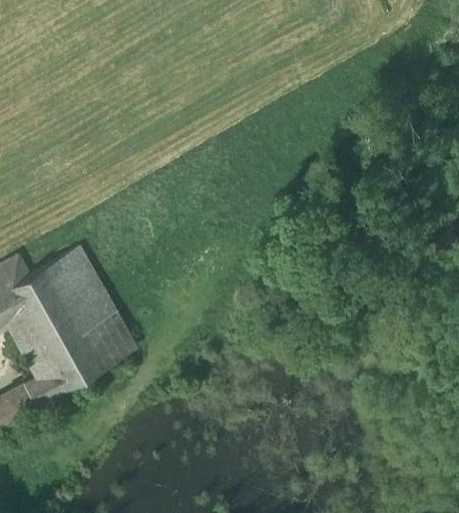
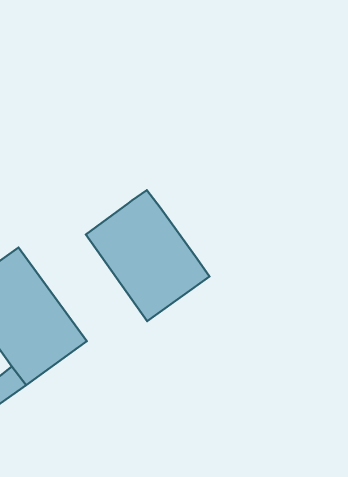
building: none -> [86,190,209,321]

